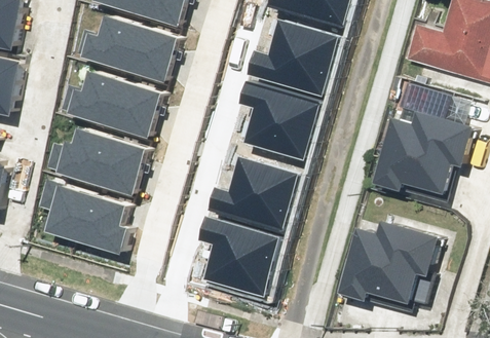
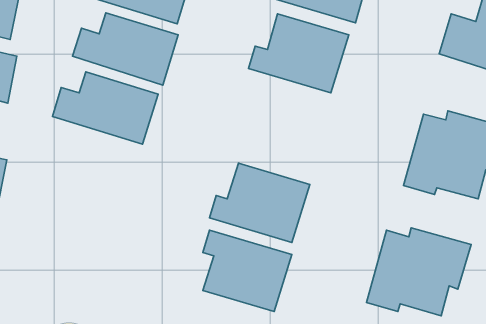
building: [236,84,318,160] -> none
building: [42,128,140,195] -> none
building: [36,182,123,254] -> none

